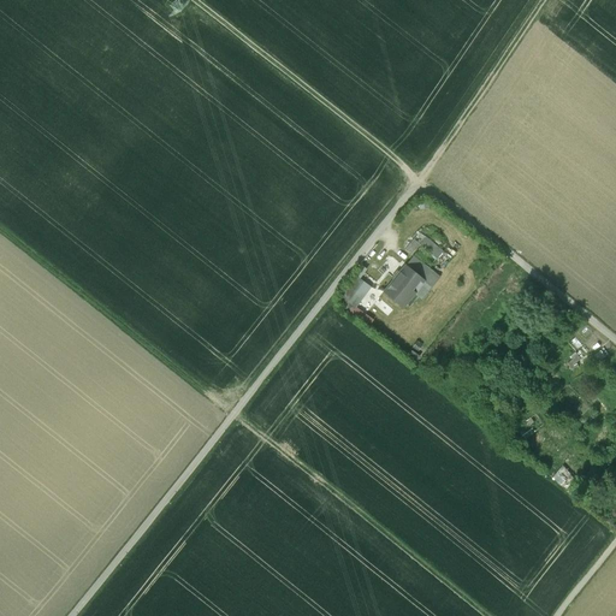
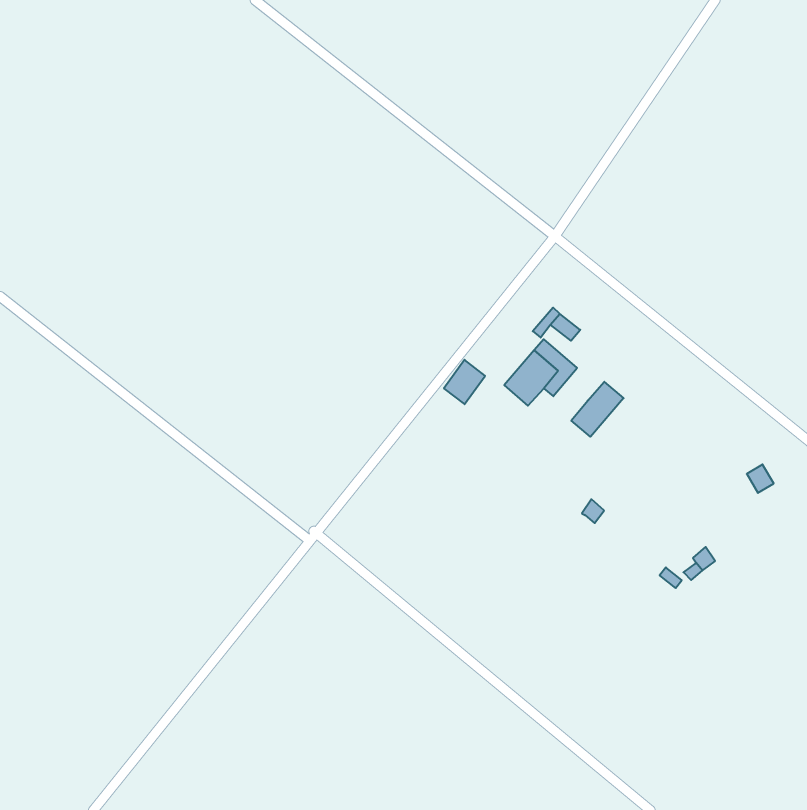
building: none -> [571,382,624,437]

